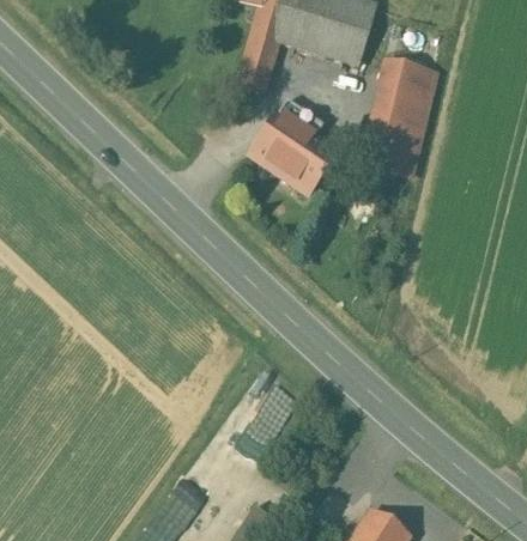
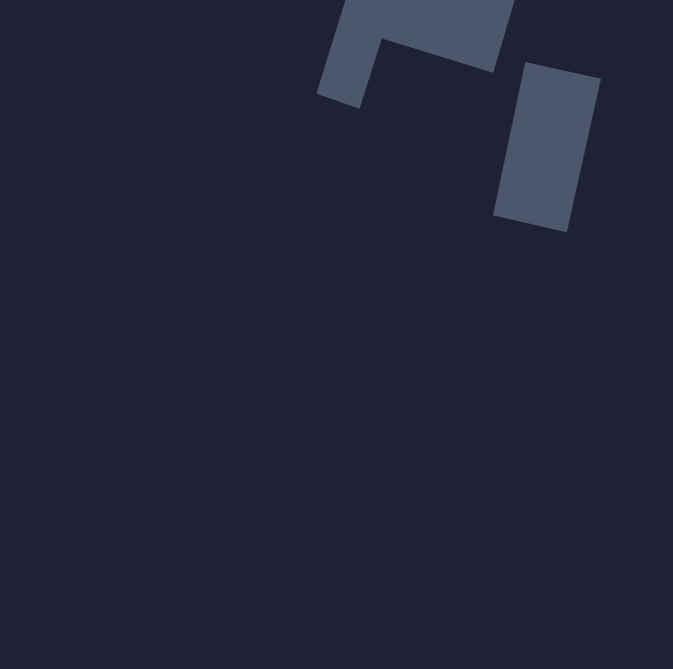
building: [247,93,340,197] -> none

